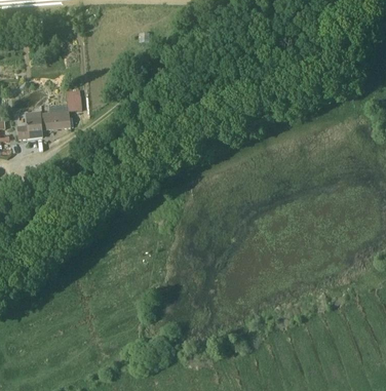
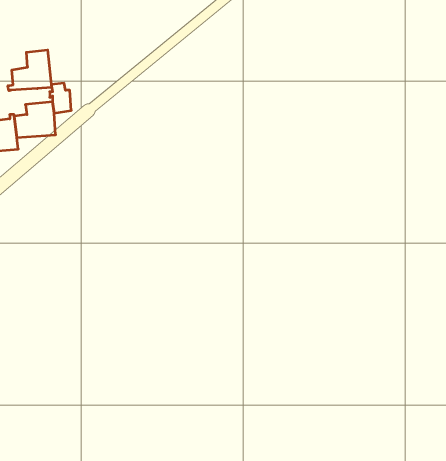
building: none -> [8,50,52,91]

